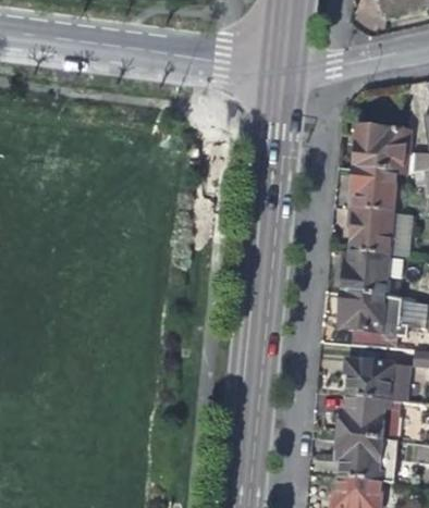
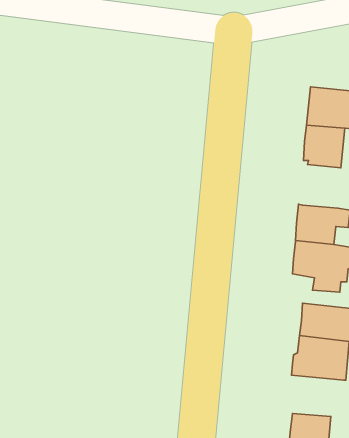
building: [350,211,391,258] -> none
building: [335,437,394,484] -> none

